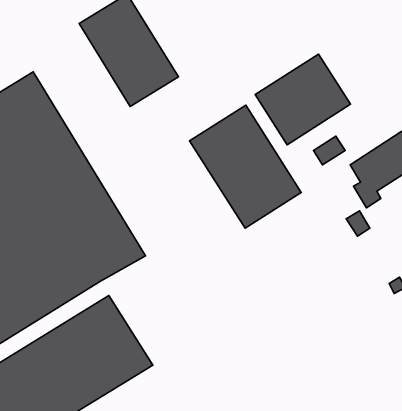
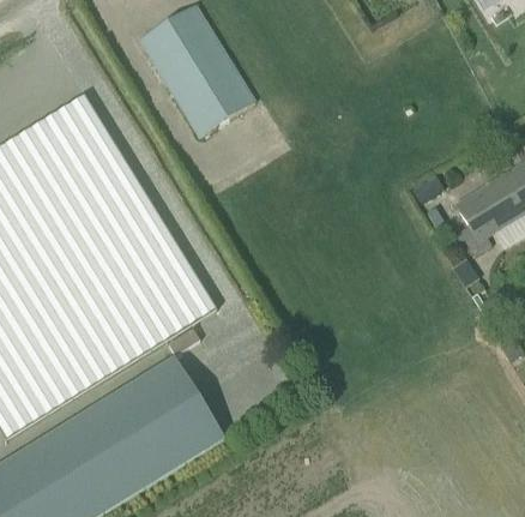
building: [255,54,351,145] -> none
building: [190,105,301,228] -> none

